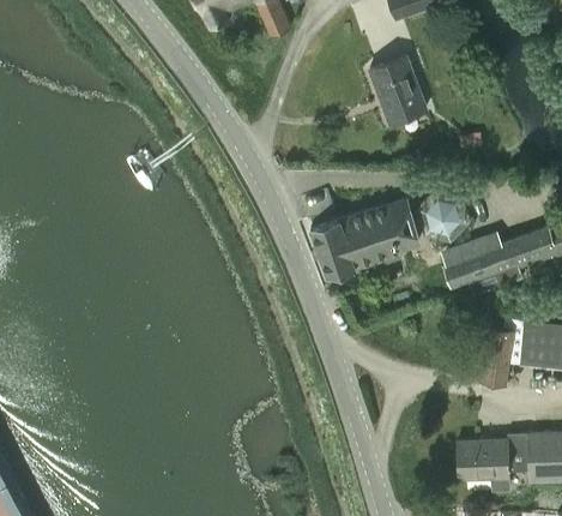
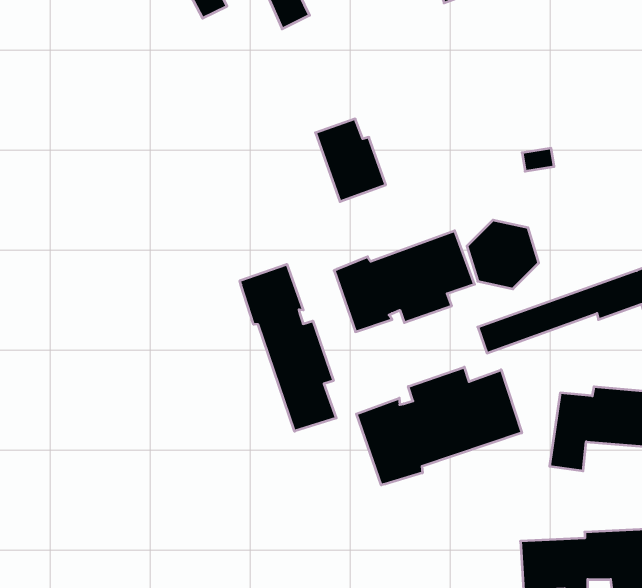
building: [370,56,425,121] -> [315,119,386,202]
building: none -> [240,264,336,431]
building: none -> [356,367,522,485]

